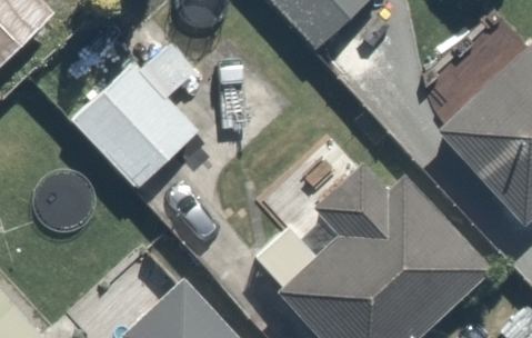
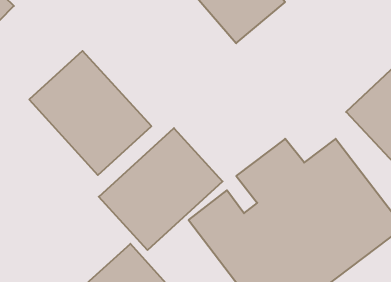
building: none -> [99,128,223,250]

